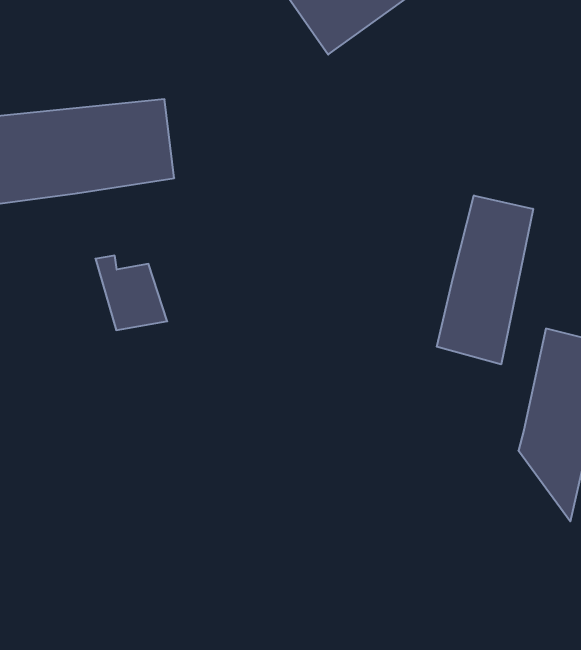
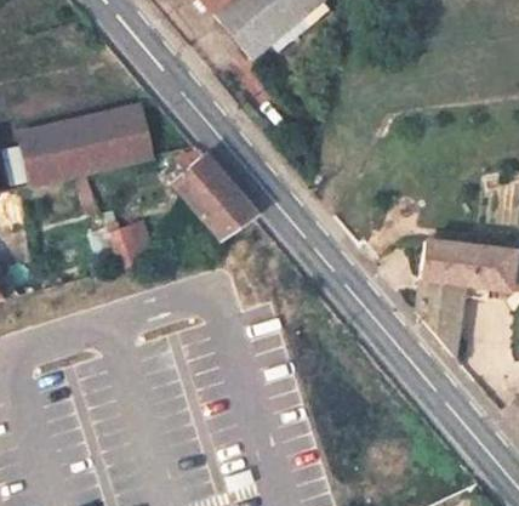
building: none -> [167,147,255,238]
building: [437,195,533,364] -> none

